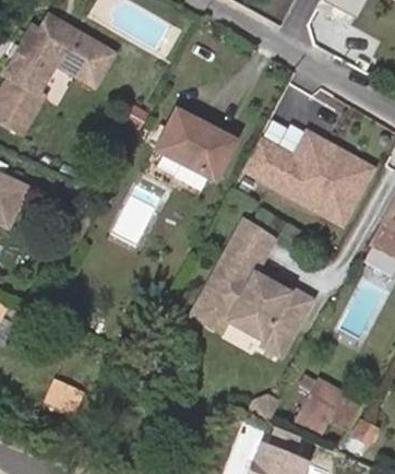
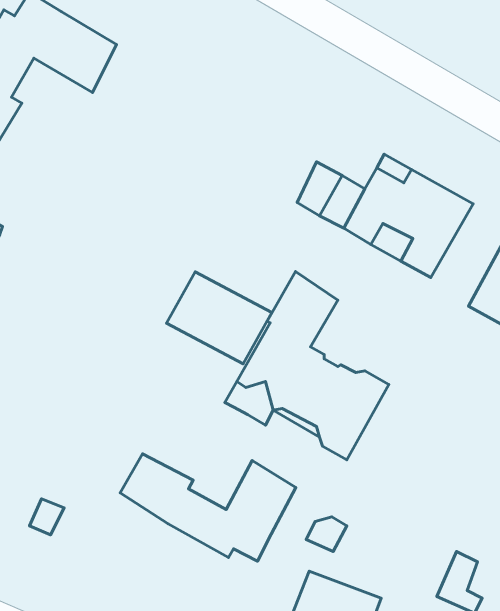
building: [156,111,232,178] -> [167,272,272,364]
building: none -> [120,454,296,561]
building: [301,381,344,424] -> none

